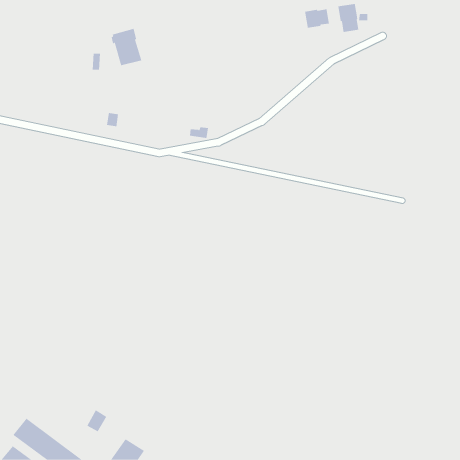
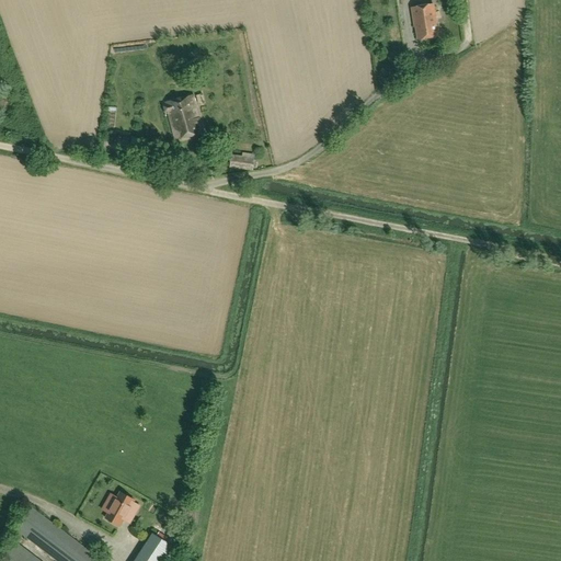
building: [304,9,329,28] -> none
building: [111,28,142,66] -> [164,94,203,140]

